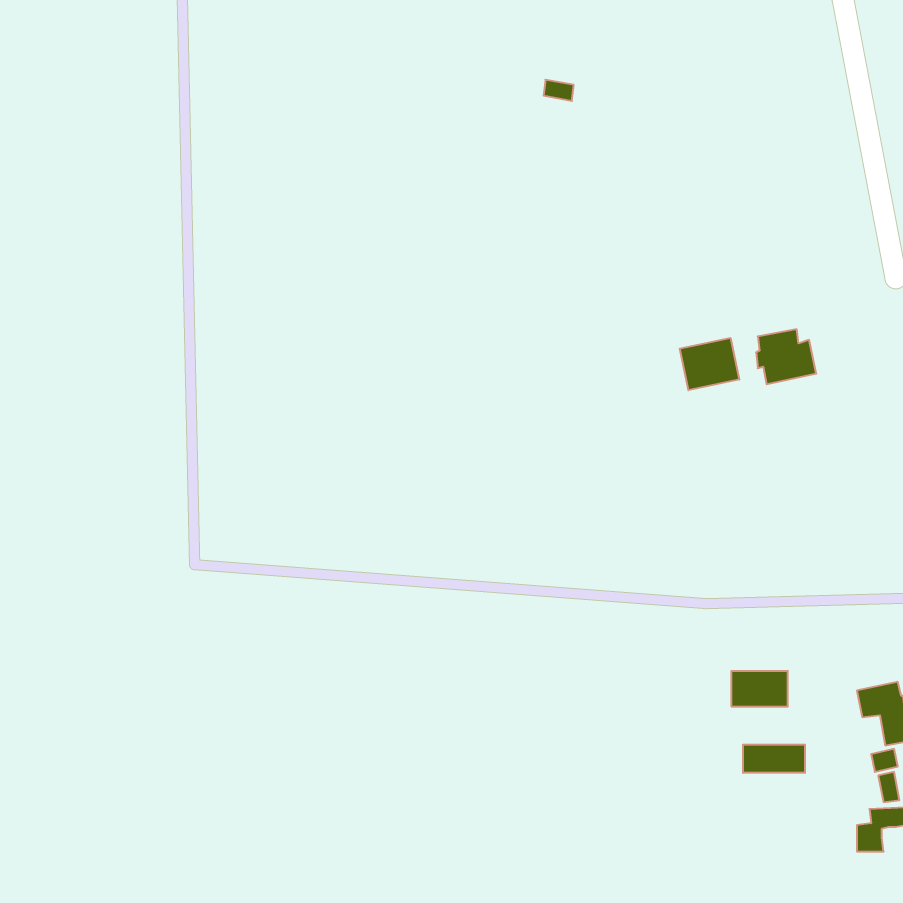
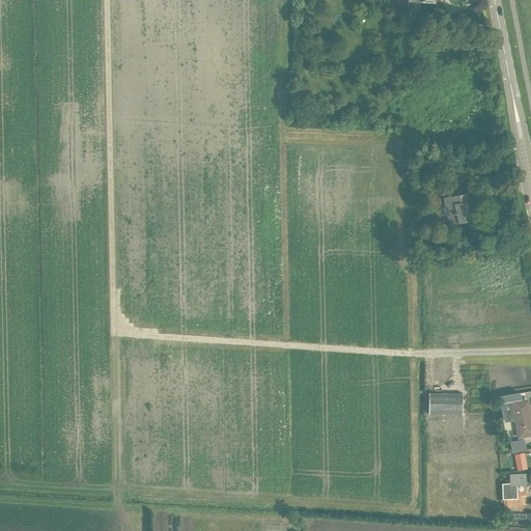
building: [680,338,739,390] -> none
building: [743,745,805,773] -> none

